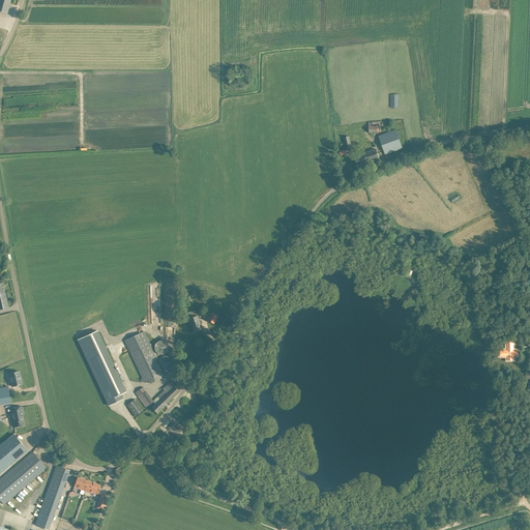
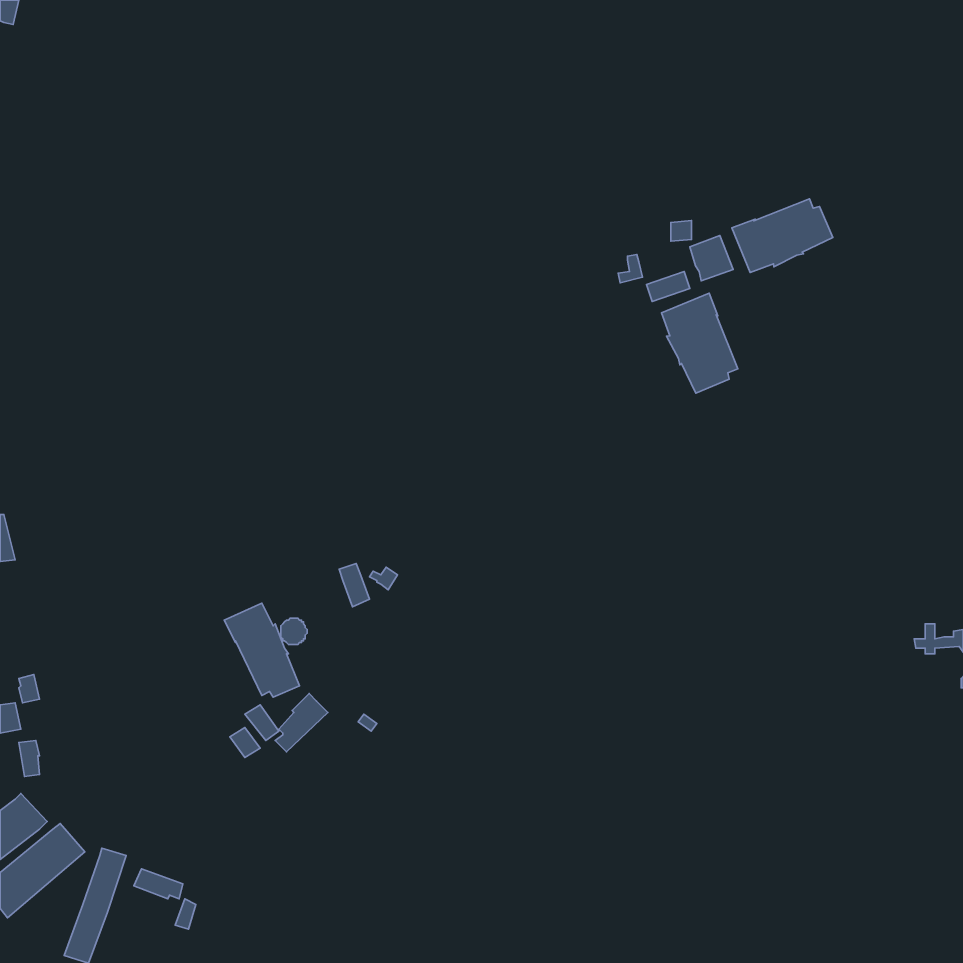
building: none -> [732,199,833,273]
building: none -> [661,293,738,393]
building: [78,330,125,406] -> none

